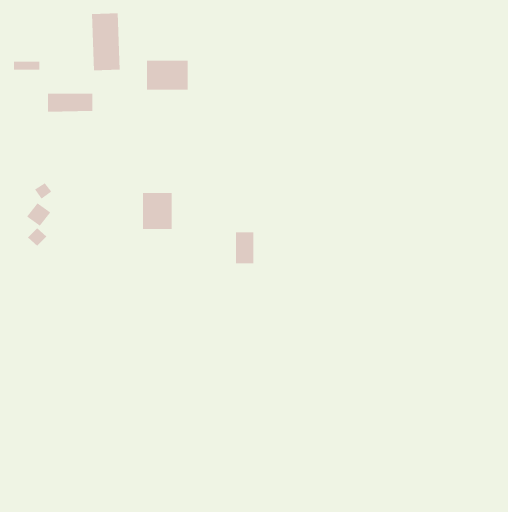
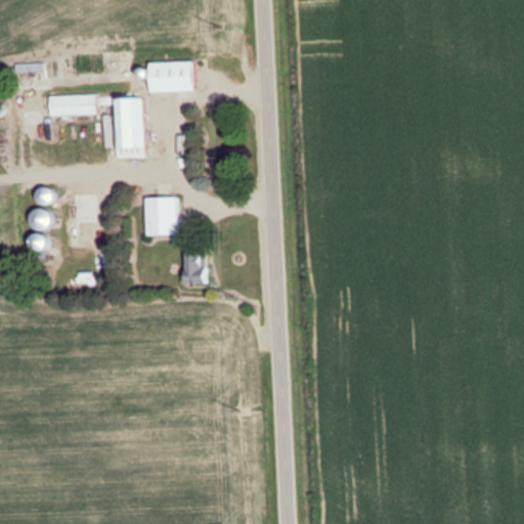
building: [91,13,120,71] -> [114,98,143,158]
building: [235,232,254,264] -> [185,251,205,283]

